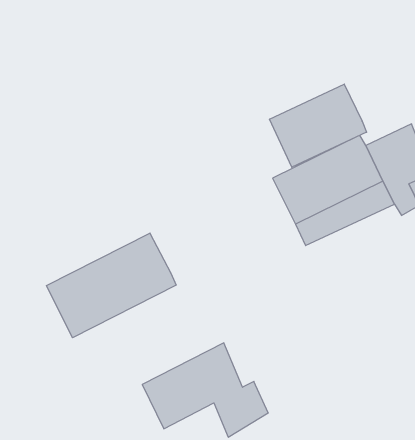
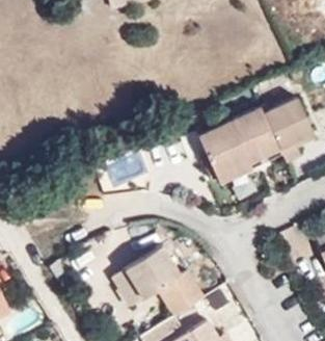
building: [270,84,367,167] -> none
building: [47,233,176,338] -> none

